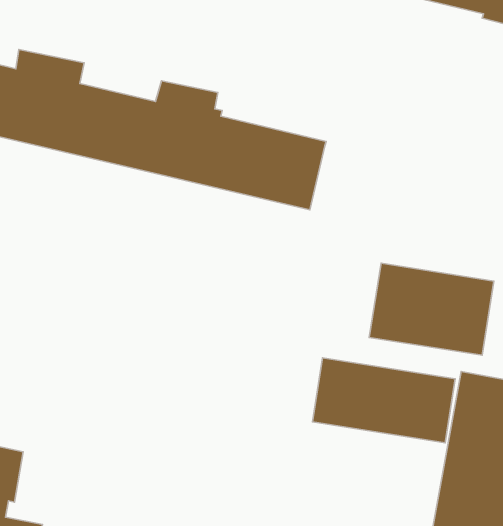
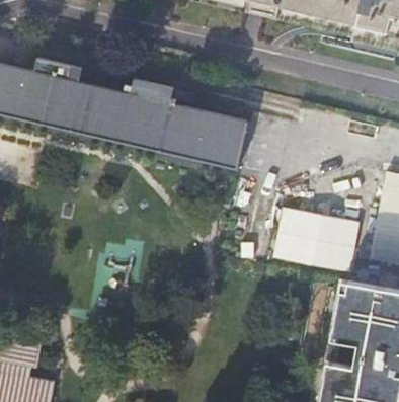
building: [312,358,455,443] -> none

